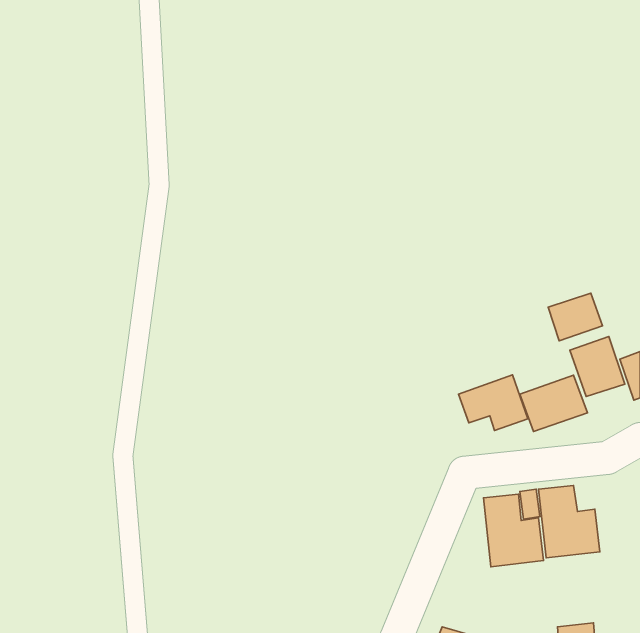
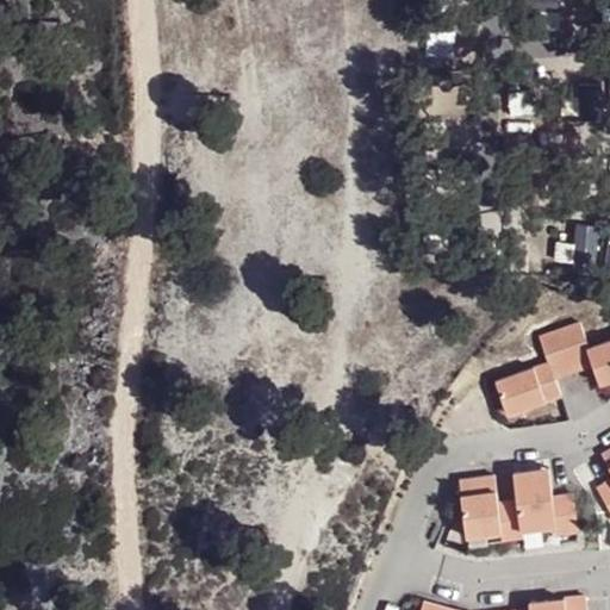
building: [548,293,603,341] -> none
building: [458,375,528,430] -> none

